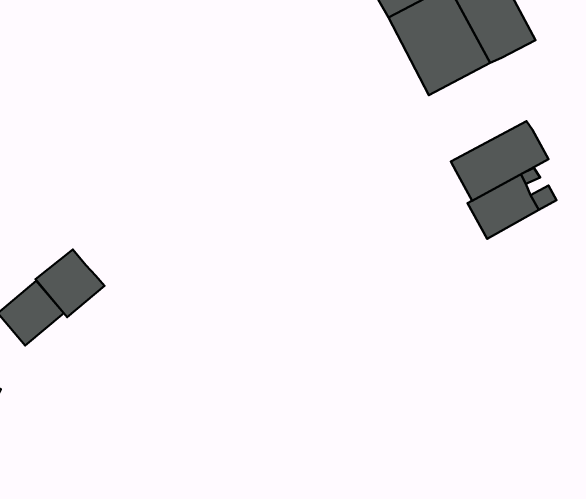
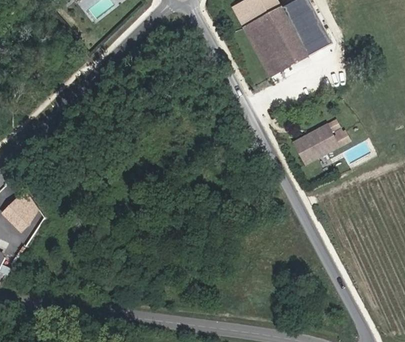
building: [451,121,549,201] -> none
building: [36,249,105,317] -> none

